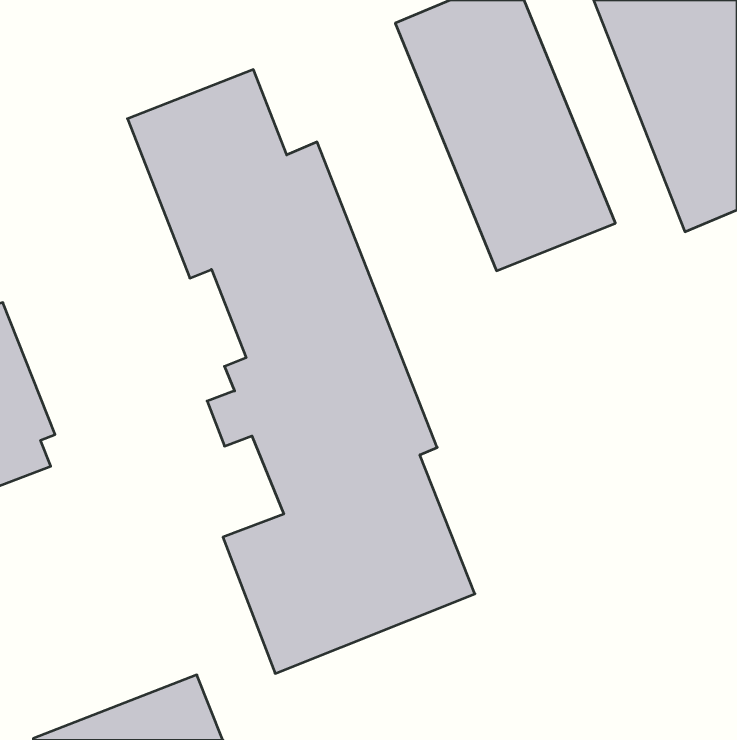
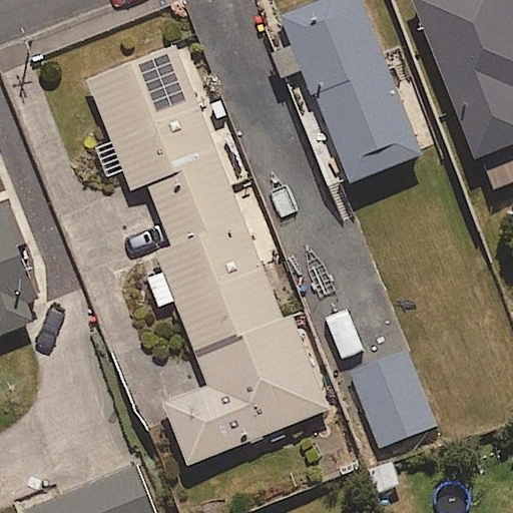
building: none -> [346,341,435,446]

